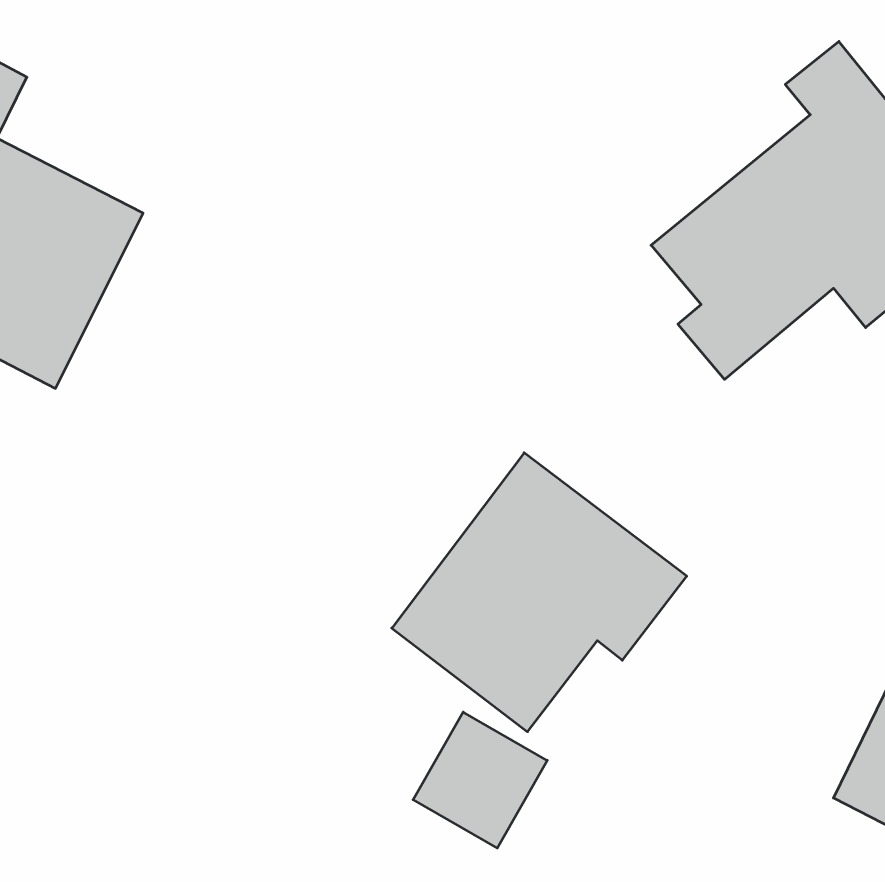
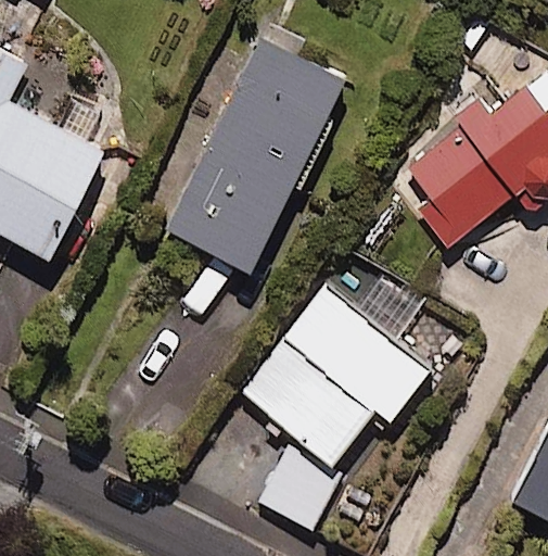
building: none -> [165,39,342,269]

